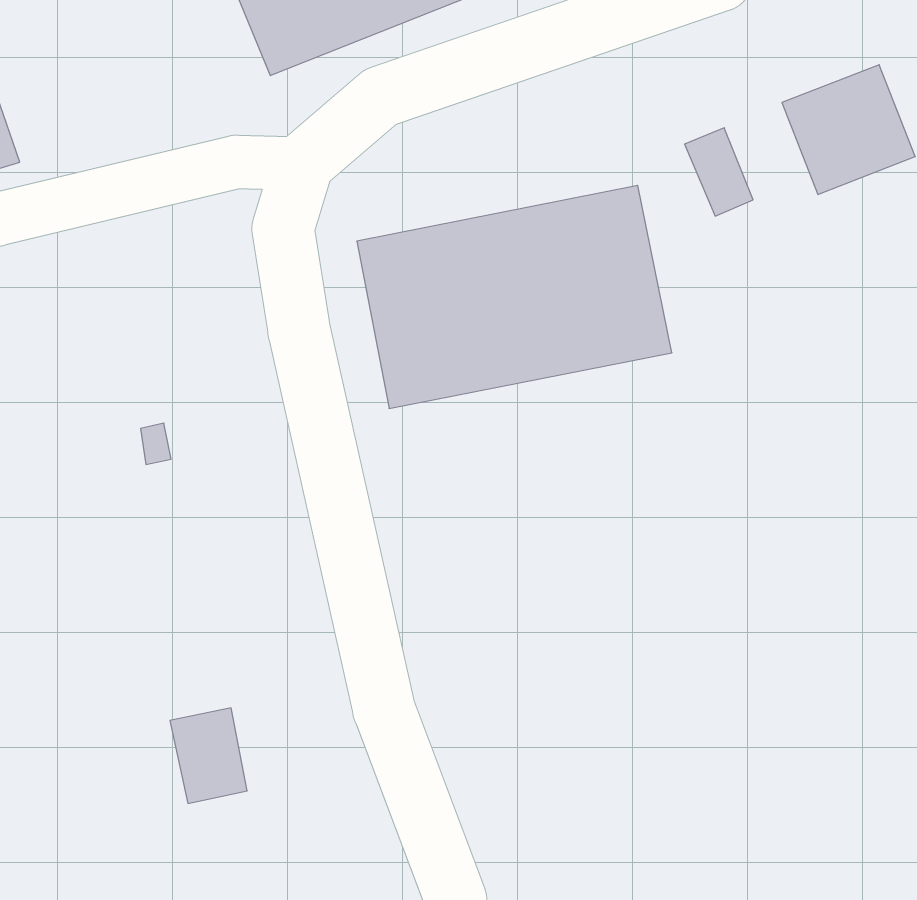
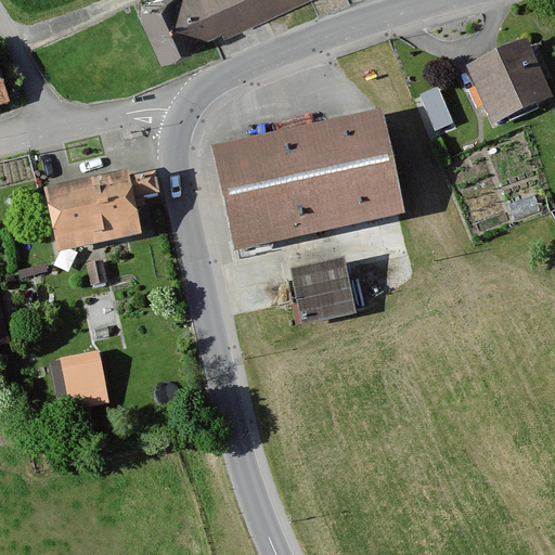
building: none -> [46,171,139,248]
building: none -> [293,260,352,321]
building: [170,708,247,803] -> [57,346,104,403]

